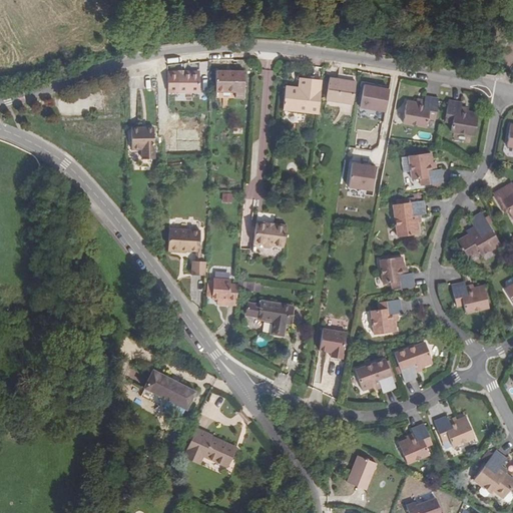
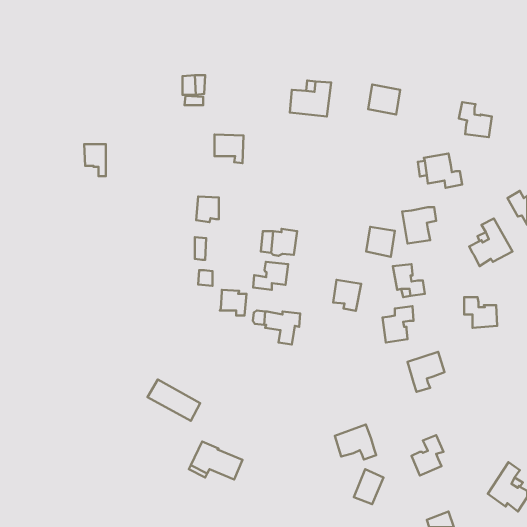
building: [216,71,244,99] -> [215,134,243,163]
building: [326,78,356,105] -> none
building: [402,94,439,125] -> none
building: [133,126,154,157] -> [84,144,106,176]
building: [347,161,375,190] -> [366,227,395,257]
building: [167,229,189,254] -> [196,196,219,222]
building: none -> [253,262,288,290]
building: [320,329,347,359] -> [333,280,361,311]
building: [356,358,396,392] -> [335,424,376,459]
building: [435,414,475,446] -> none

